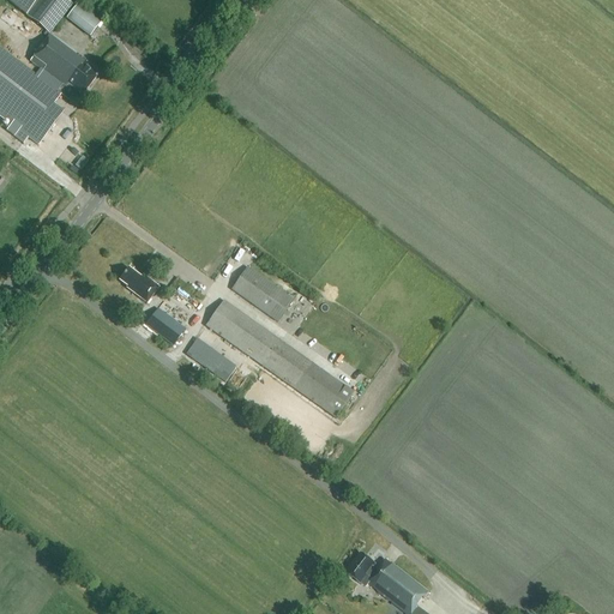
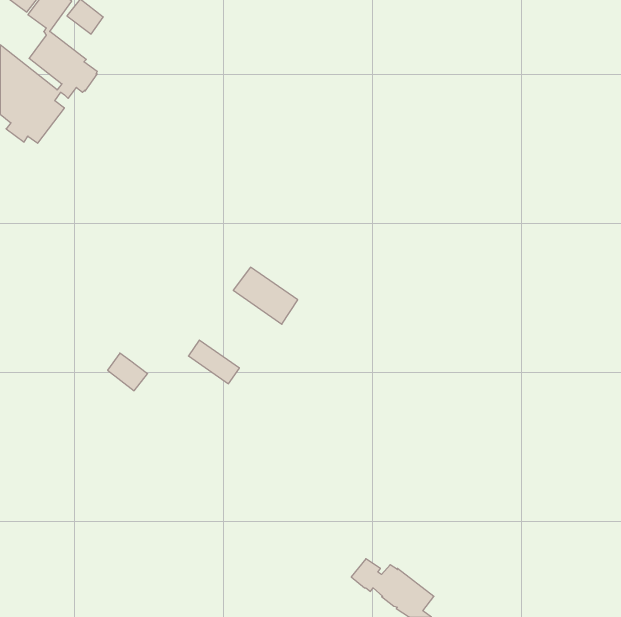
building: [120,265,158,300] -> none
building: [205,297,354,416] -> none
building: [146,306,186,343] -> [108,353,148,391]

